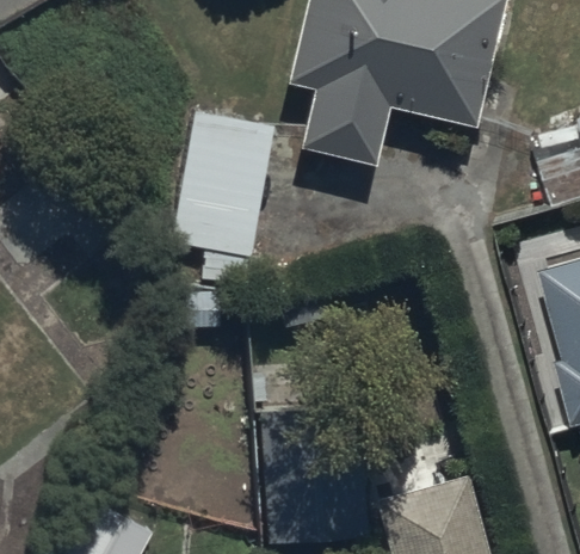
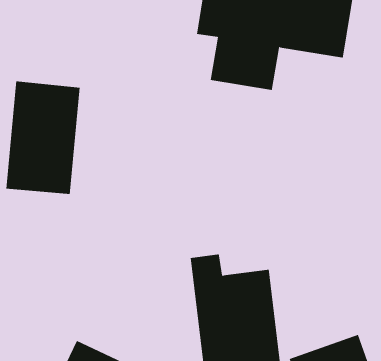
building: [171,107,276,257] -> [5,81,81,194]

